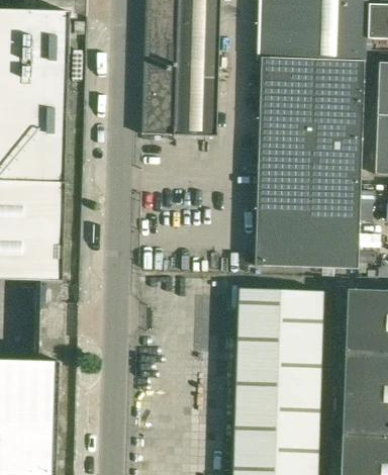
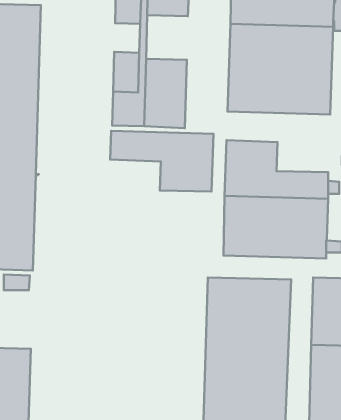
building: [177,21,219,67] -> none
building: [144,29,171,60] -> none
building: [259,119,364,181] -> [110,131,213,191]

